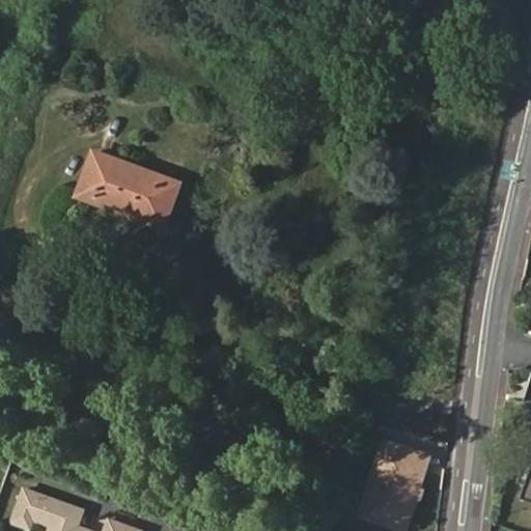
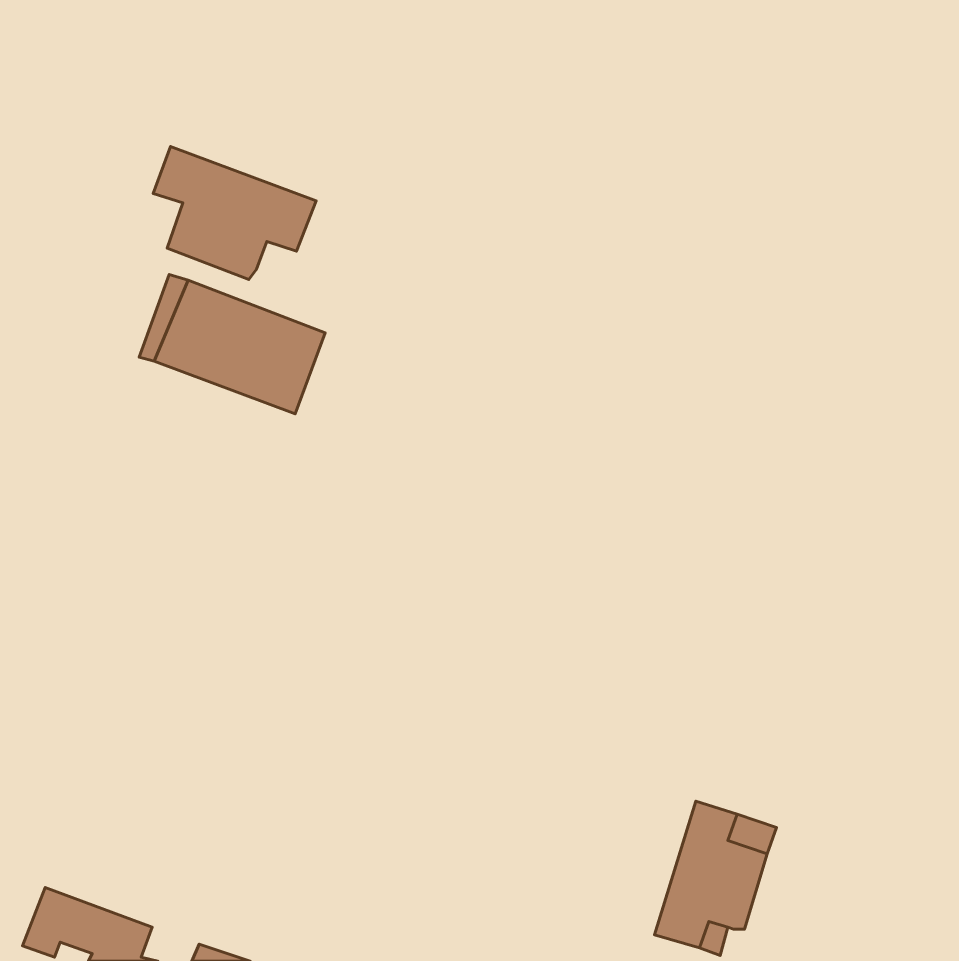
building: none -> [153,146,316,280]

